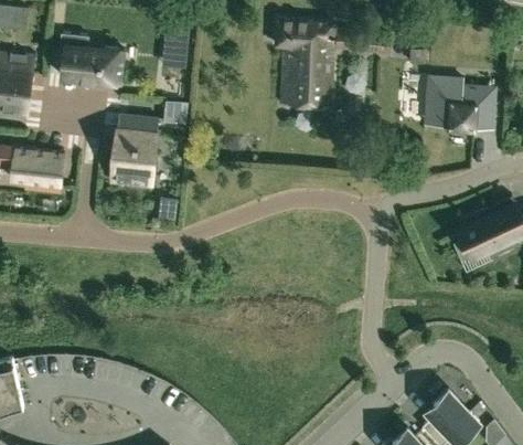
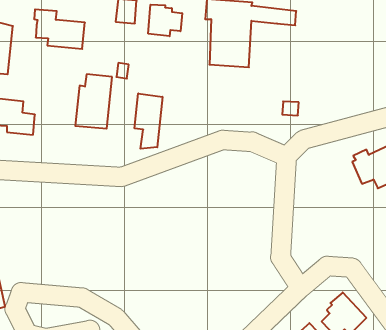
building: none -> [148,5,182,36]
building: [425,78,494,130] -> none
building: none -> [135,93,162,149]

